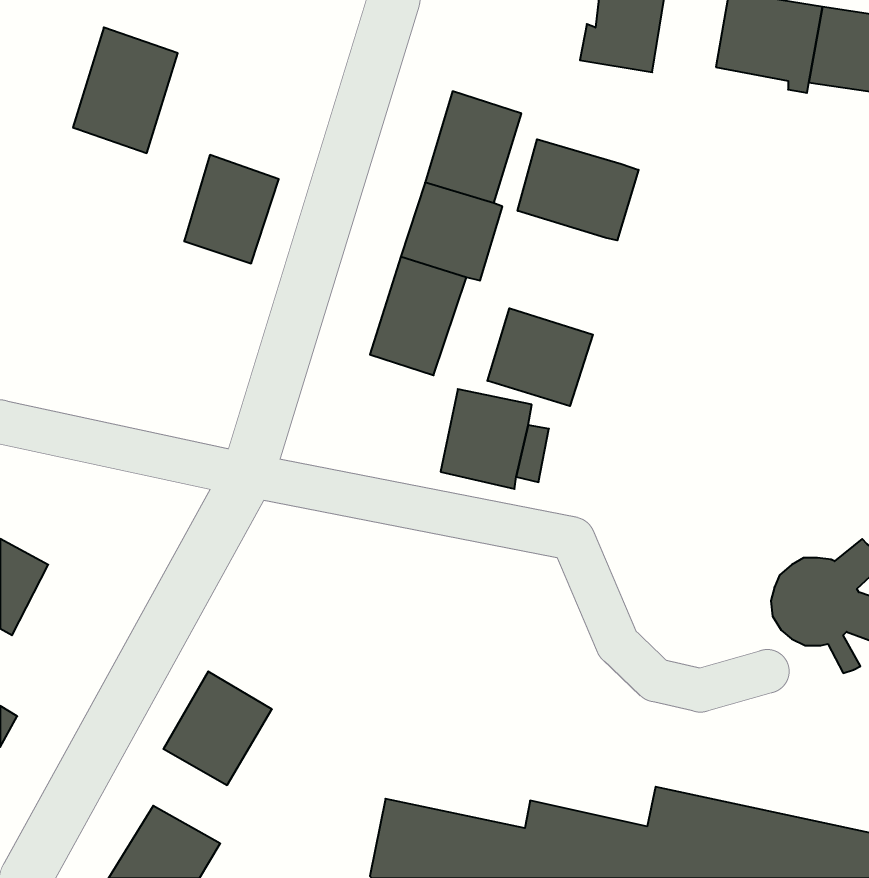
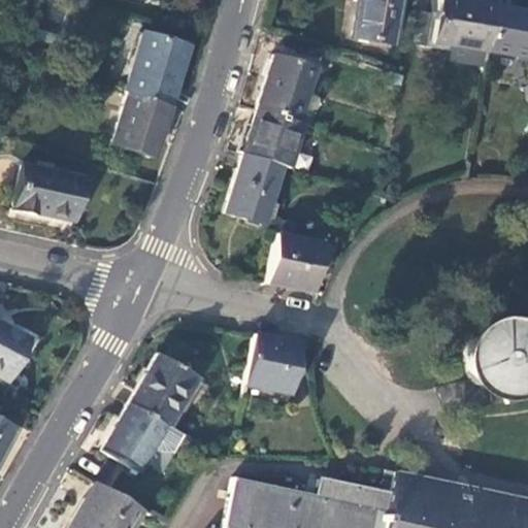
building: [73,27,178,153] -> [129,32,192,107]
building: [518,139,639,240] -> none
building: none -> [15,165,87,221]
building: [487,308,593,406] -> none
building: none -> [248,335,304,389]
building: none -> [131,355,200,427]

